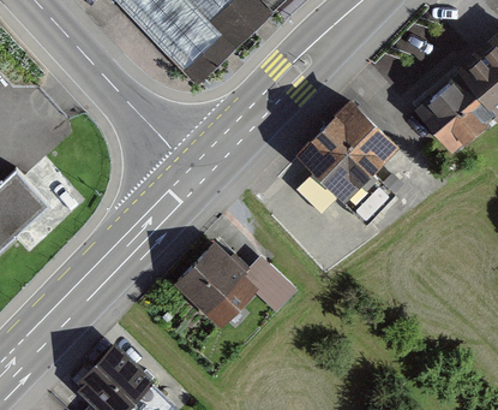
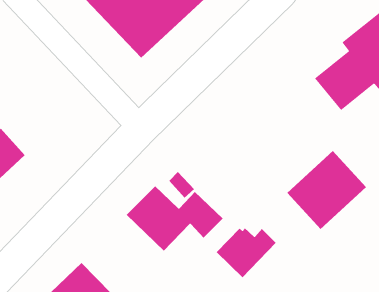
building: [289,101,391,202] -> [286,150,367,230]
building: none -> [216,227,276,278]

